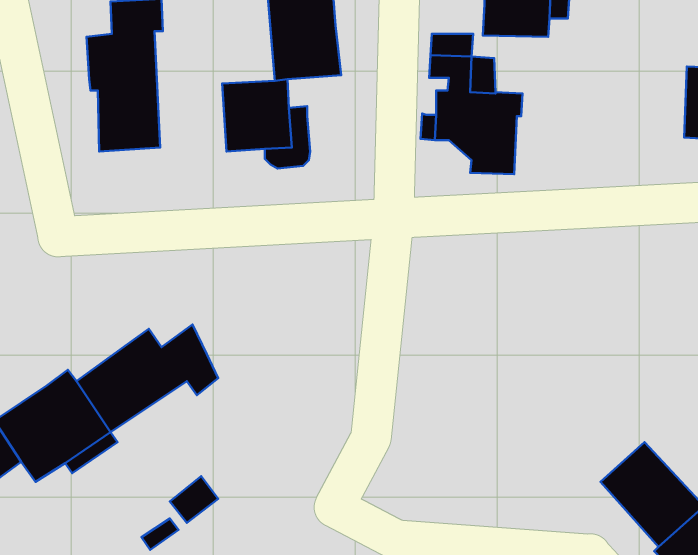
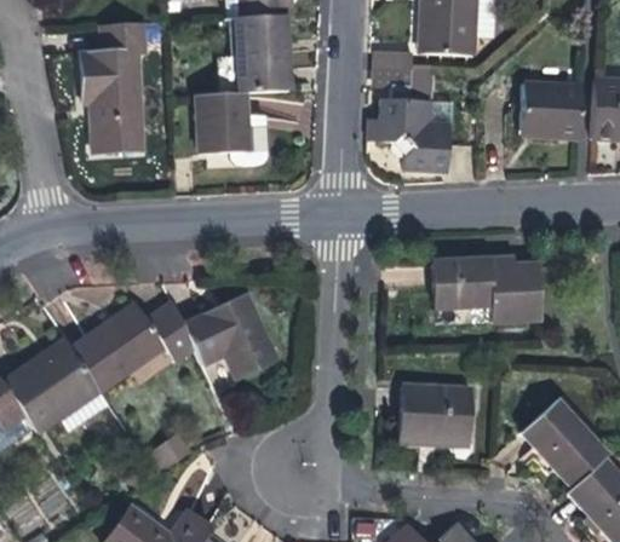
building: none -> [521,81,580,138]
building: none -> [434,258,542,319]
building: none -> [183,295,277,379]
building: none -> [401,386,469,444]

